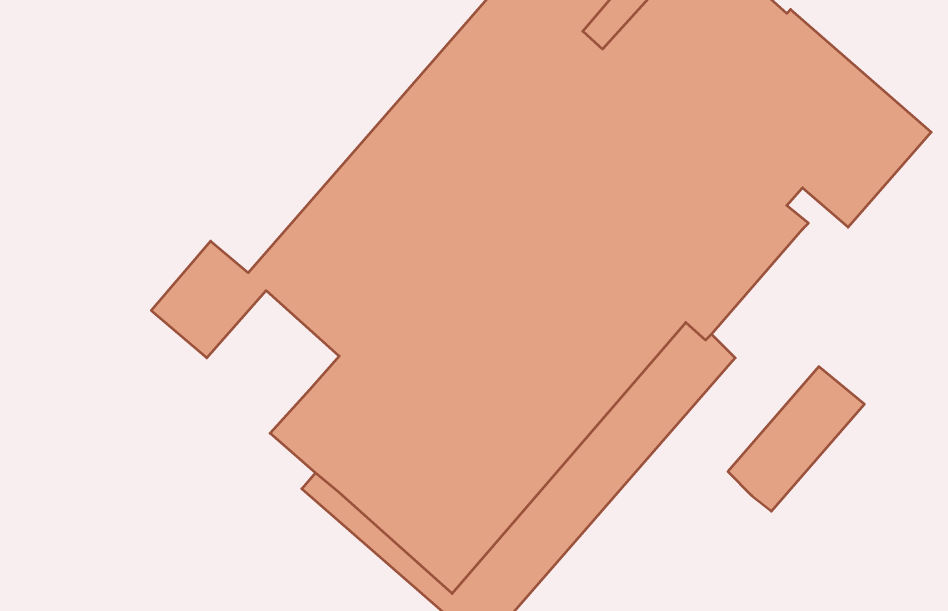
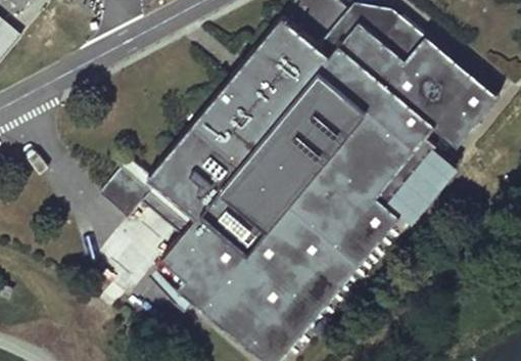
building: none -> [142,183,195,234]
building: [728,367,864,511] -> [387,151,458,226]

